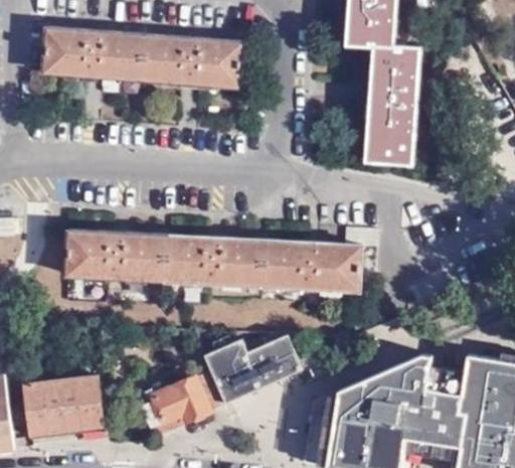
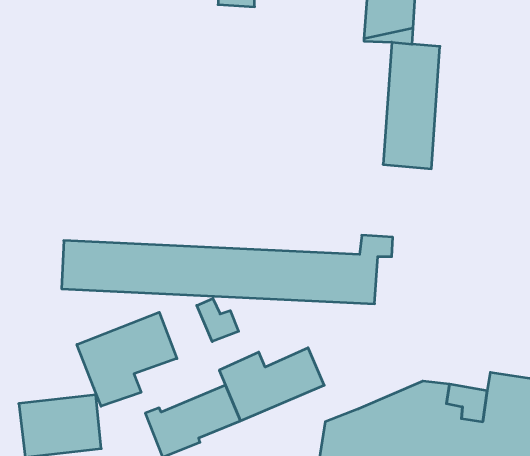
building: [42,28,240,87] -> none
building: none -> [197,298,239,342]
building: none -> [77,312,177,406]

